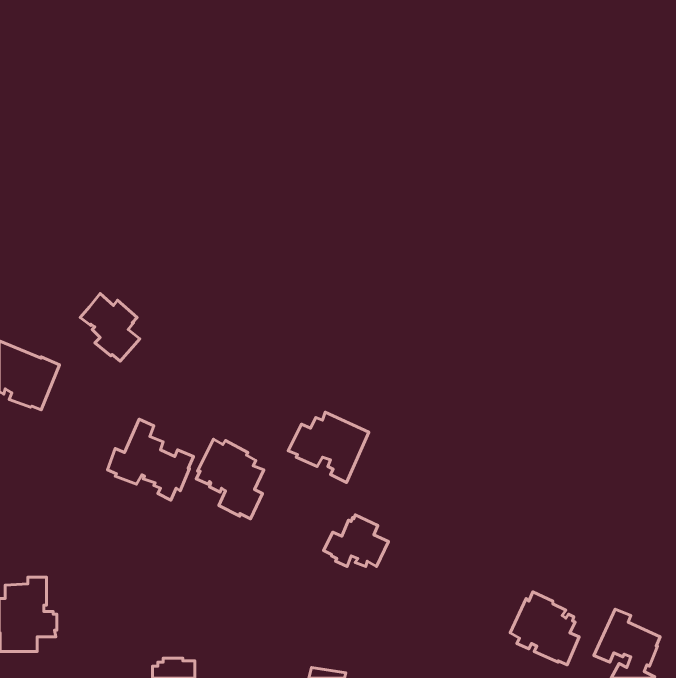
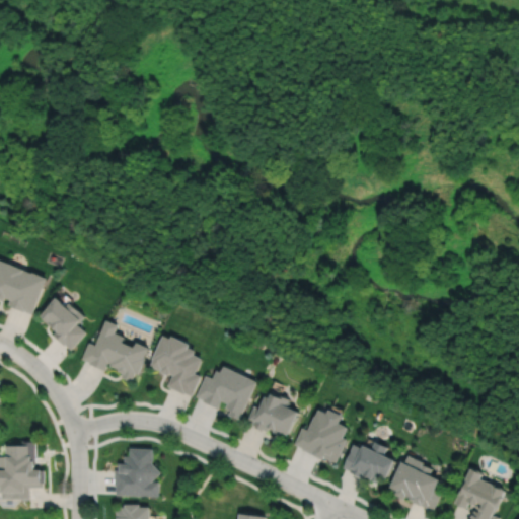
building: [80,294,140,361] -> [41,298,86,350]
building: [288,412,369,483] -> [196,367,257,421]
building: none -> [294,411,346,460]
building: none -> [342,438,396,480]
building: none -> [114,449,161,496]

